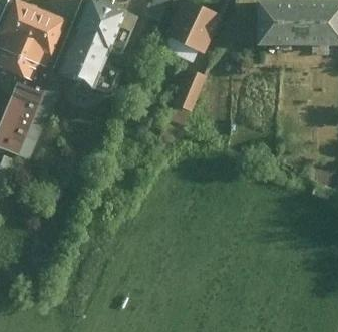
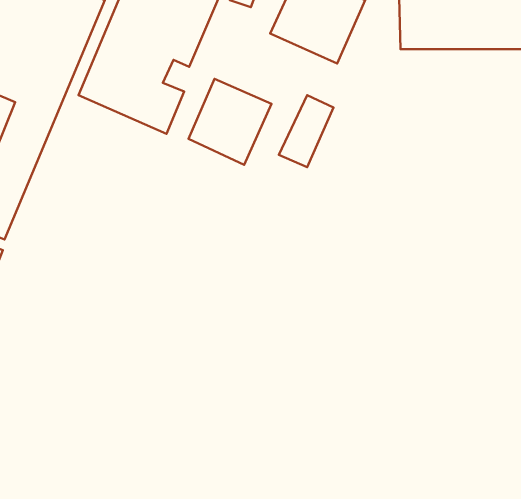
building: none -> [189,79,271,165]

